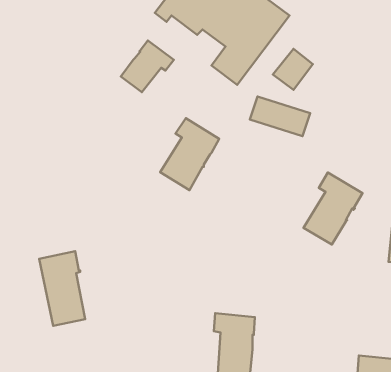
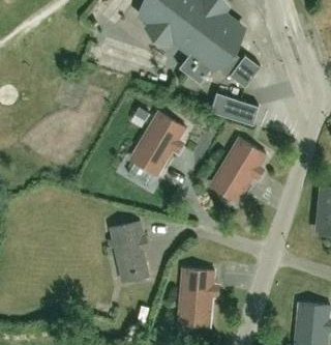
building: [121,40,174,92] -> none
building: [304,173,363,244] -> [218,137,266,195]
building: [39,251,85,326] -> [111,222,148,282]

